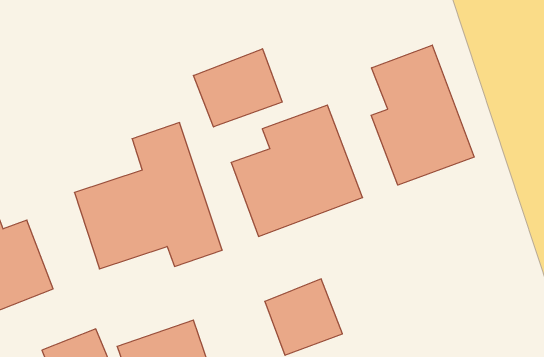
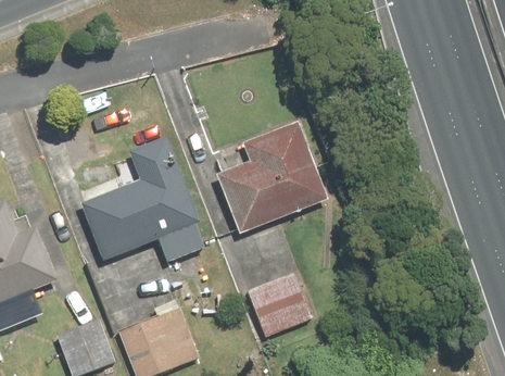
building: [371,45,474,185] -> none
building: [193,49,282,127] -> none

